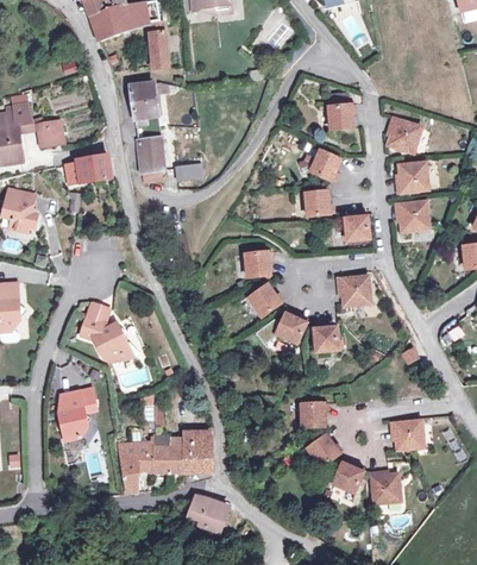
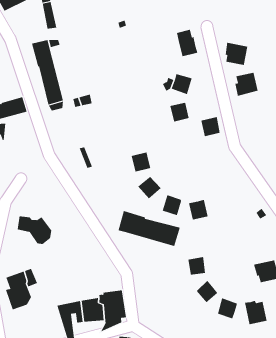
building: [397,201,429,230] -> none
building: [339,275,371,305] -> none
building: none -> [118,210,181,247]

